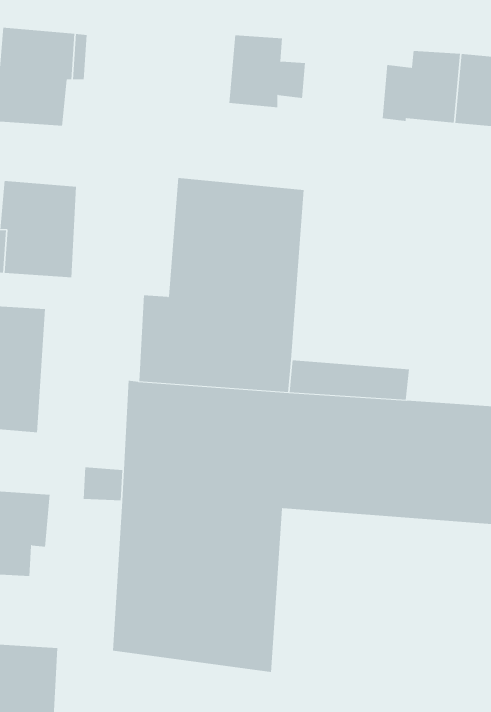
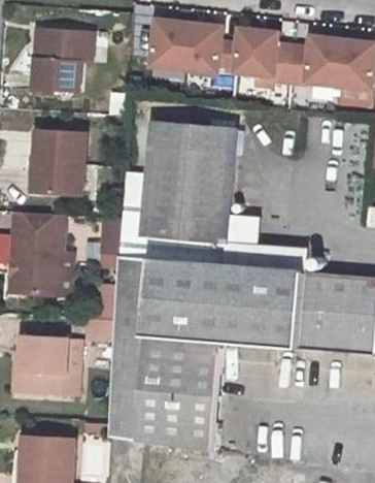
building: none -> [156,25,193,74]
building: none -> [238,32,294,90]

